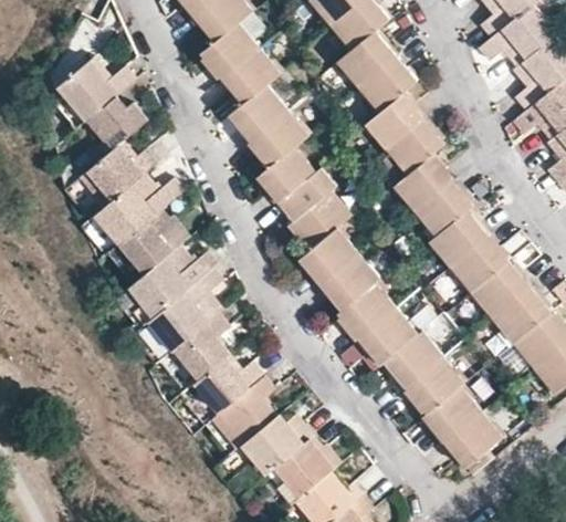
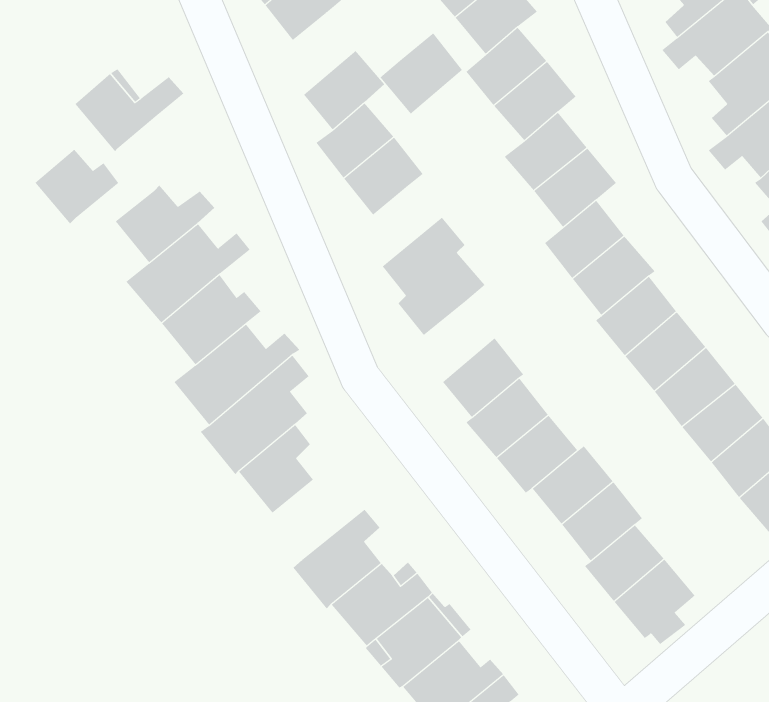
building: [199,22,259,81] -> [379,33,463,114]
building: [88,95,149,149] -> [34,149,119,224]
building: [258,147,315,203] -> none
building: [298,229,358,286] -> none
building: [195,356,265,414] -> none

